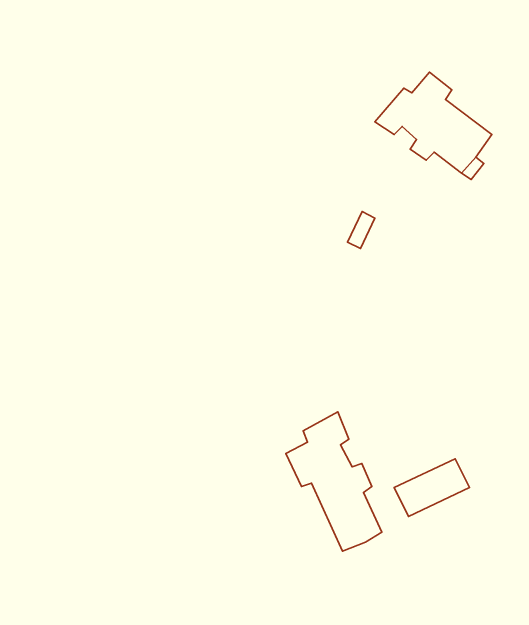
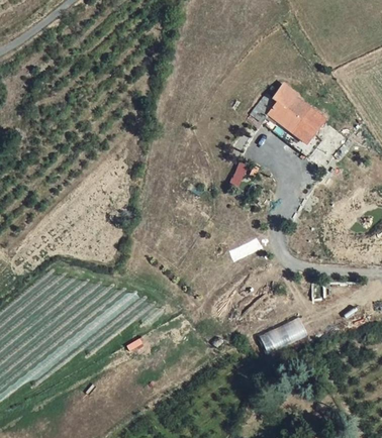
building: [286,412,382,551] -> none

